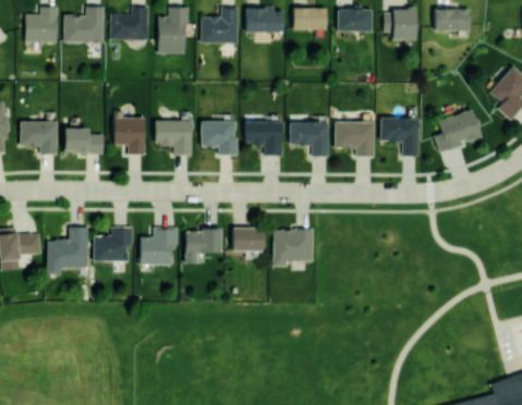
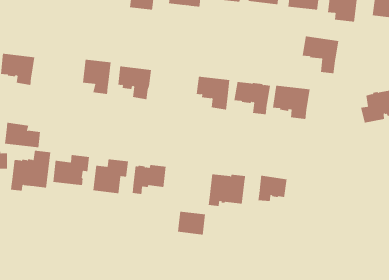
building: [379,118,420,157] -> [302,36,339,74]
building: [201,121,238,156] -> none
building: [63,128,104,154] -> [4,122,41,148]
building: none -> [258,175,287,202]
building: [233,228,264,251] -> [177,211,206,235]

